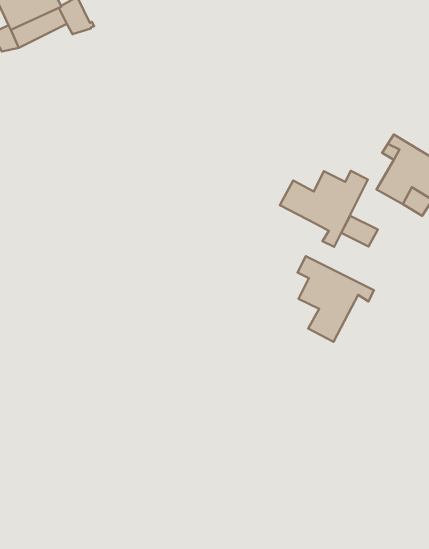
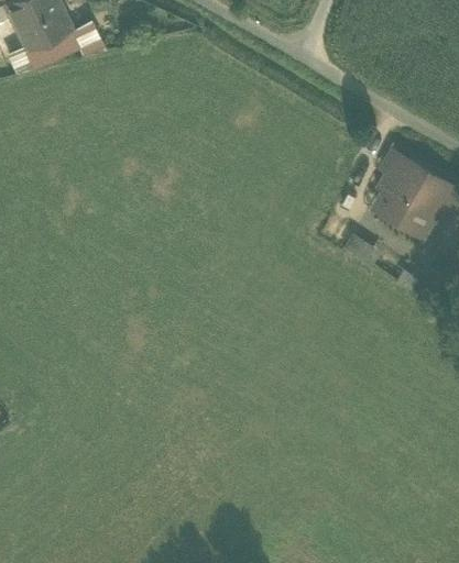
building: [280,171,368,247] -> none
building: [297,256,374,342] -> none

